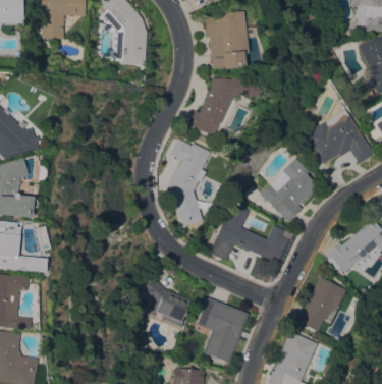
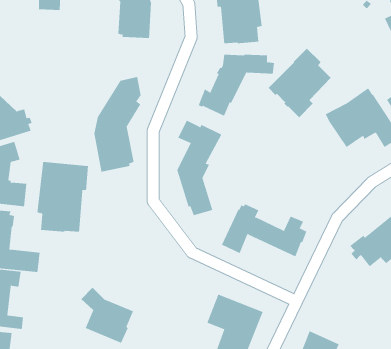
building: none -> [94,76,141,172]
building: [260,158,318,222] -> [268,48,331,118]
building: none -> [37,161,89,233]
building: [295,277,347,332] -> none
building: [143,278,192,330] -> [80,287,134,344]

